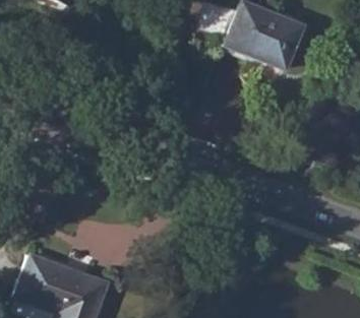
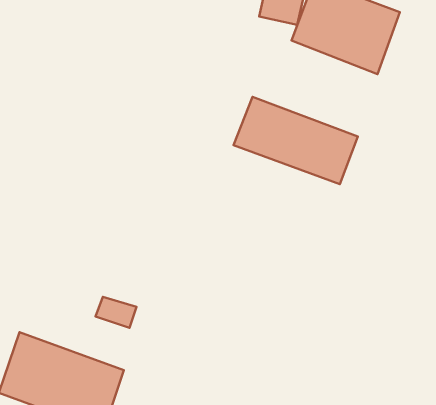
building: none -> [233,97,358,184]

